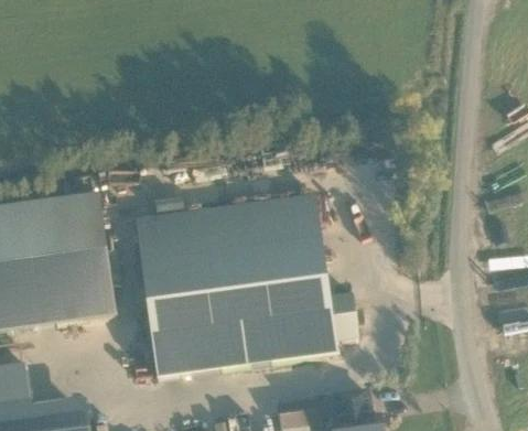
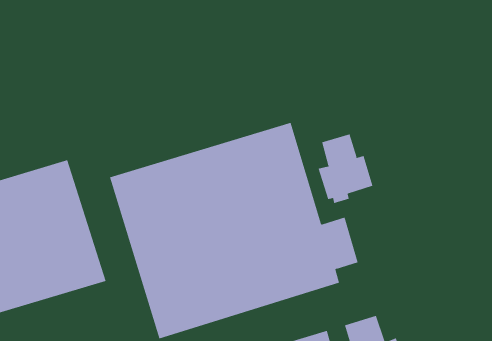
building: none -> [318,133,373,204]

